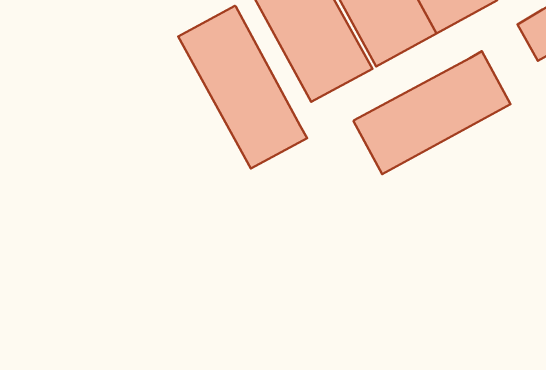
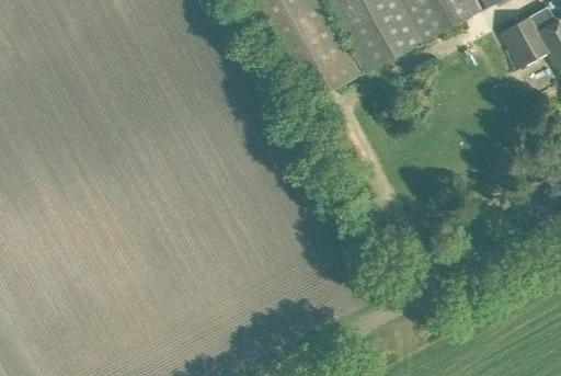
building: [178,6,307,169] -> none
building: [353,51,511,174] -> none

